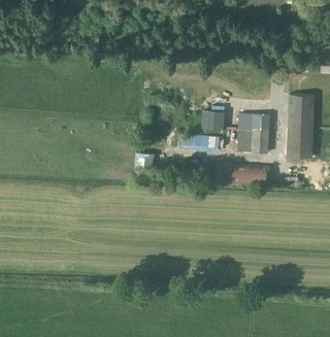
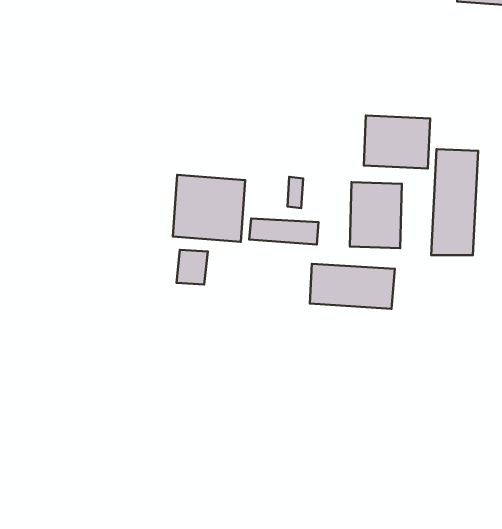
building: none -> [364,115,430,169]
building: none -> [173,175,245,242]

